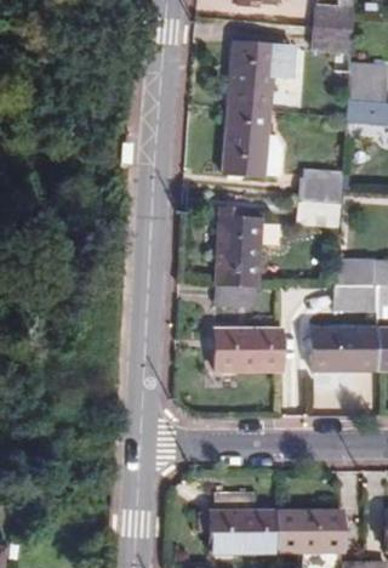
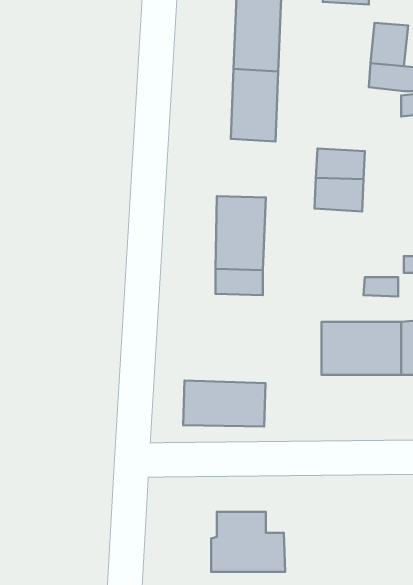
building: [212,330,284,370] -> [183,380,266,426]
building: [274,509,335,543] -> none

